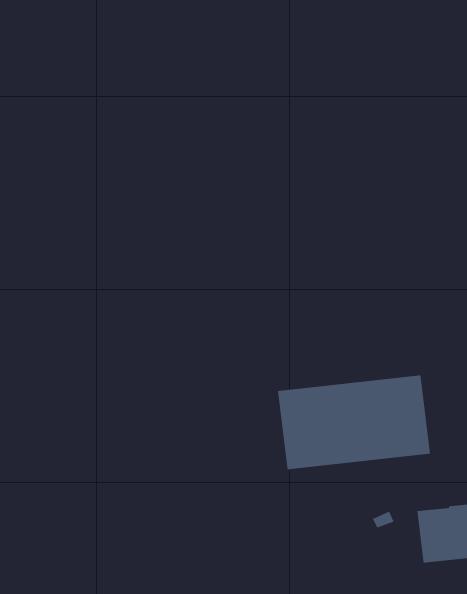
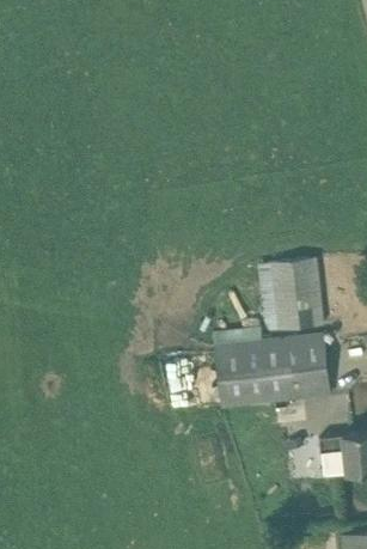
building: none -> [271,257,322,329]

